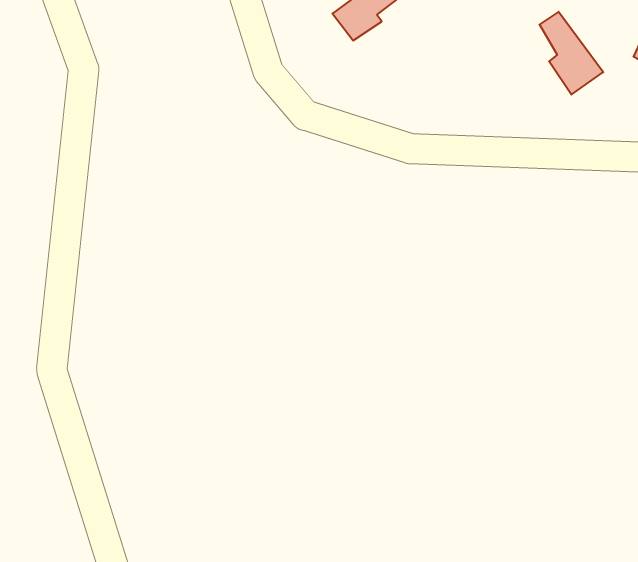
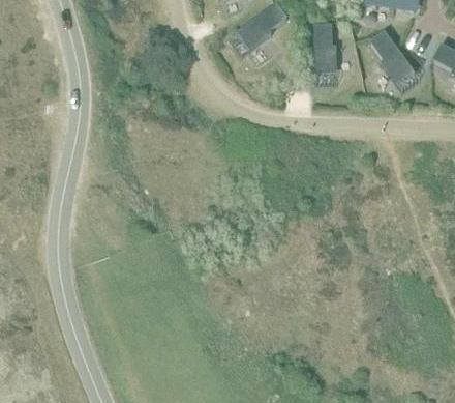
building: none -> [314,39,340,76]

